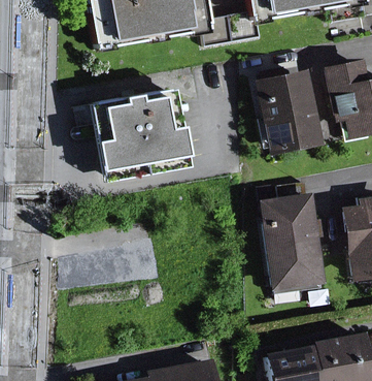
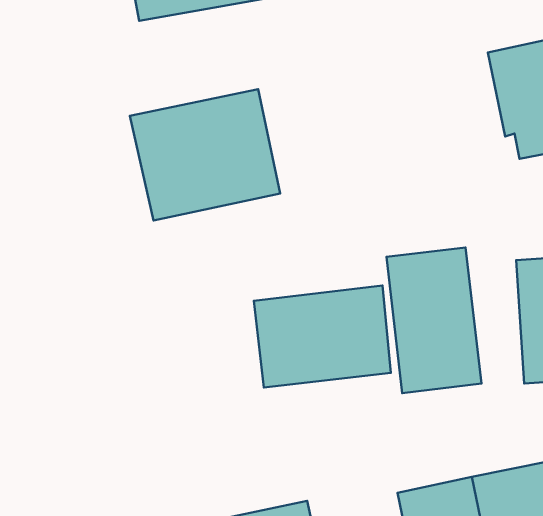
building: [256,66,323,157] -> none
building: none -> [254,286,391,387]

